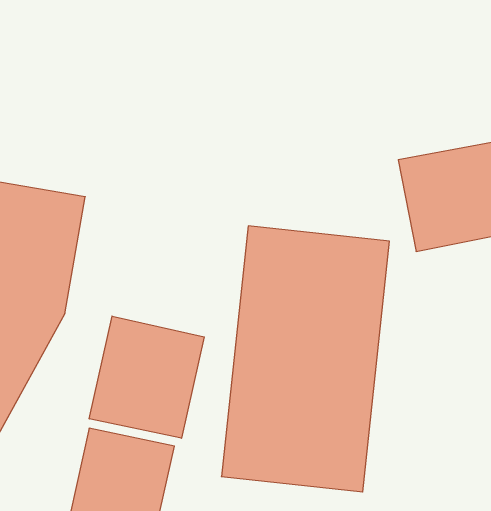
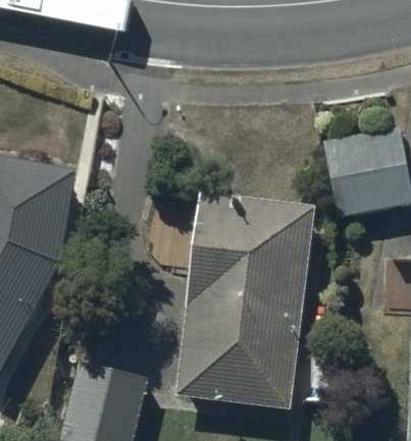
building: [89,316,204,438] -> none

